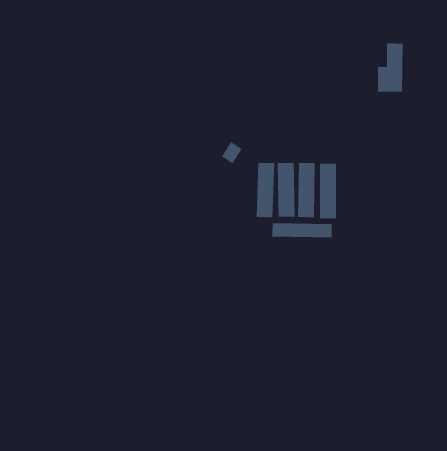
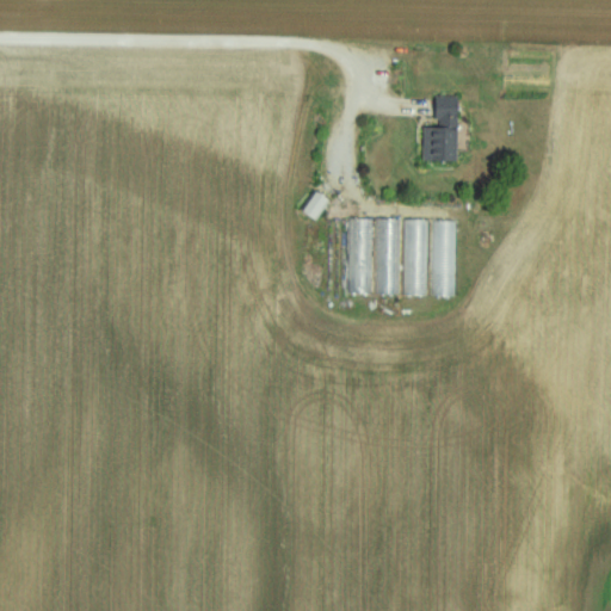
building: [377,43,404,92] -> [422,95,458,162]
building: [272,222,332,238] -> none

